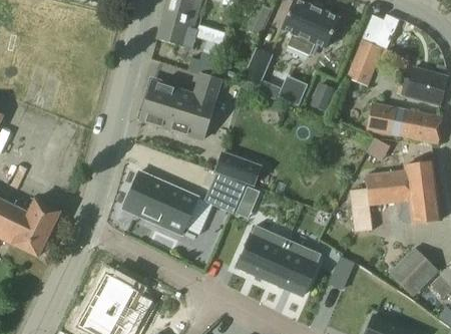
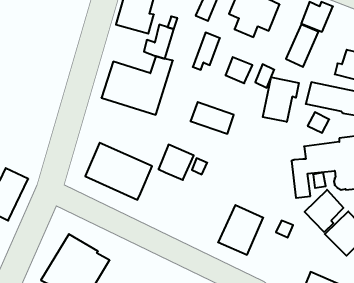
building: none -> [263,77,299,122]
building: [213,150,262,186] -> [190,102,234,134]
building: [184,197,212,233] -> none
building: none -> [305,190,343,232]
building: [238,225,290,281] -> none

